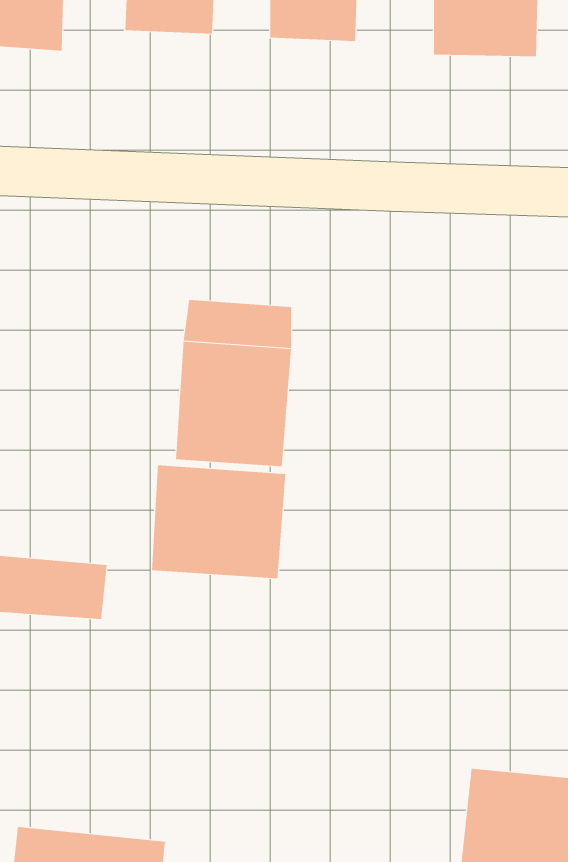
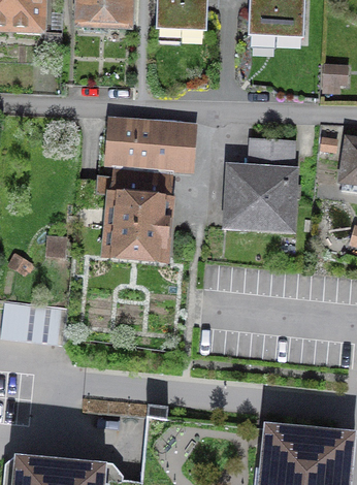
building: none -> [104,122,194,170]
building: none -> [221,139,299,231]
building: [152,465,286,579] -> none

